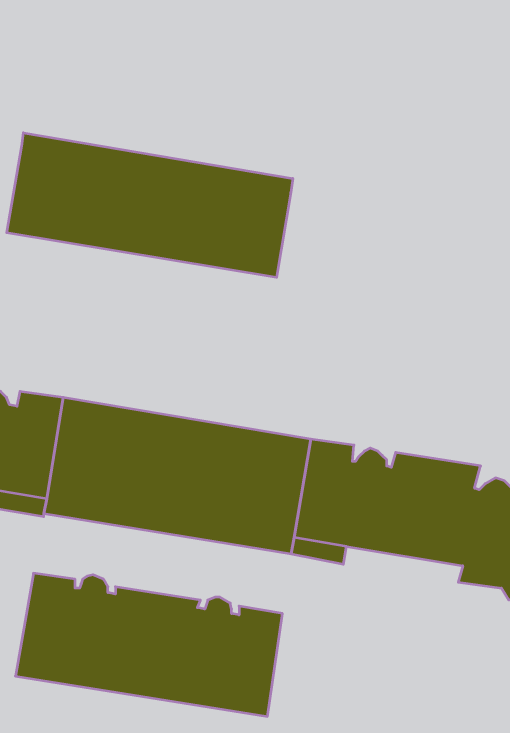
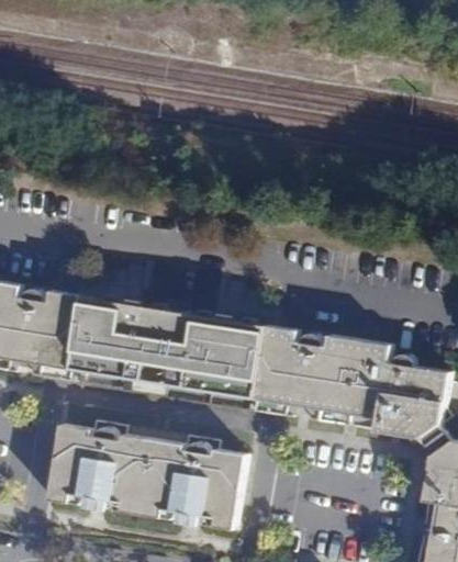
building: [7,133,293,277] -> none

